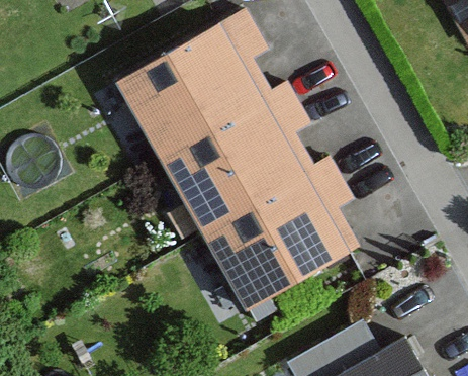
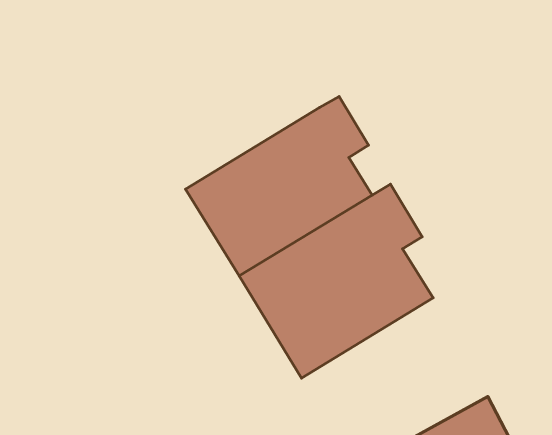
building: [112,8,268,160] -> none

